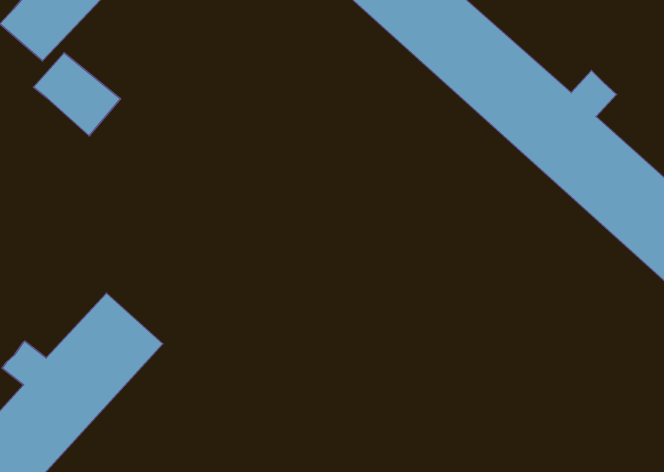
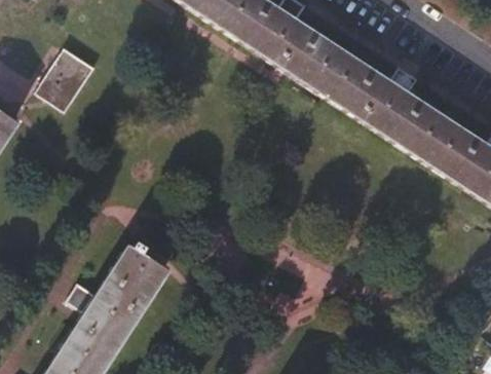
building: [33,53,120,136] -> none

